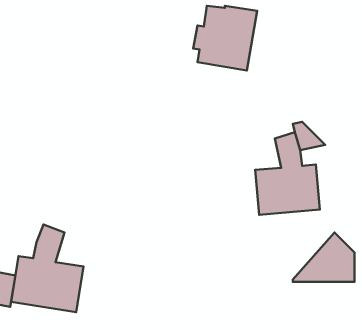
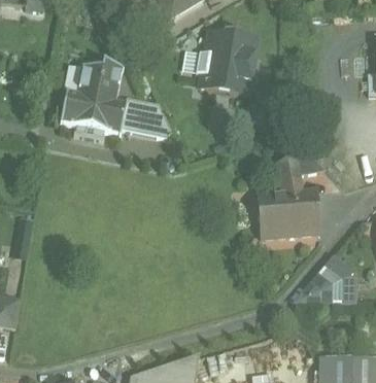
building: none -> [61,63,171,140]
building: [11,224,84,312] -> none

